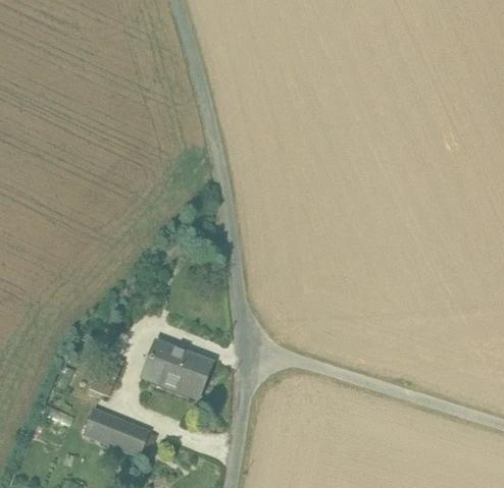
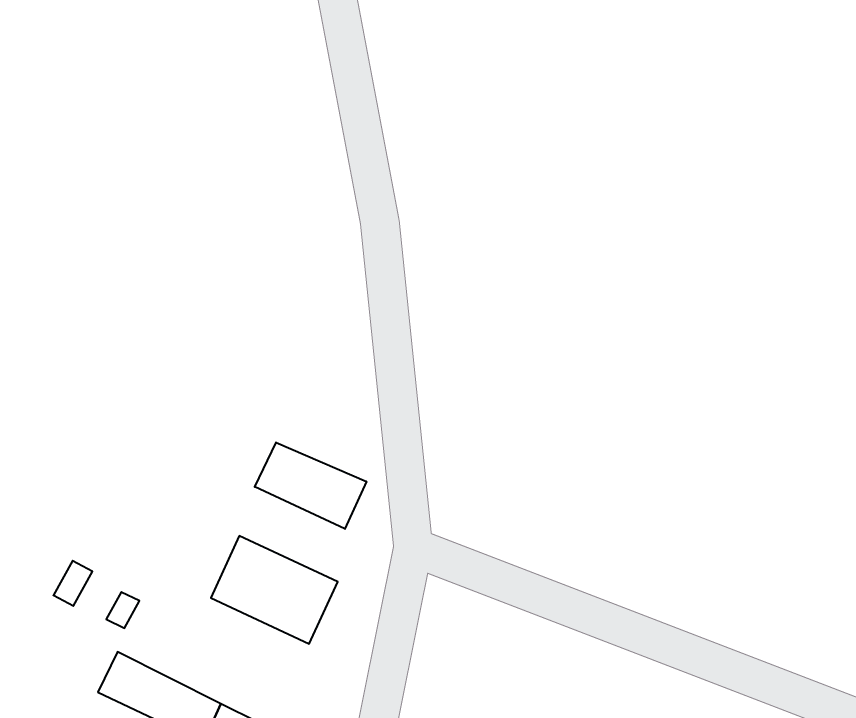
building: none -> [255,442,366,529]

